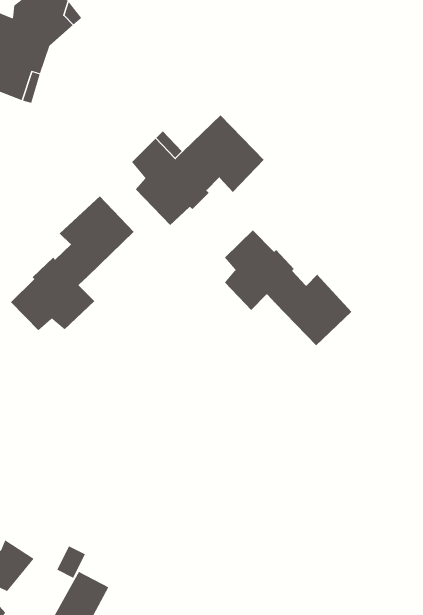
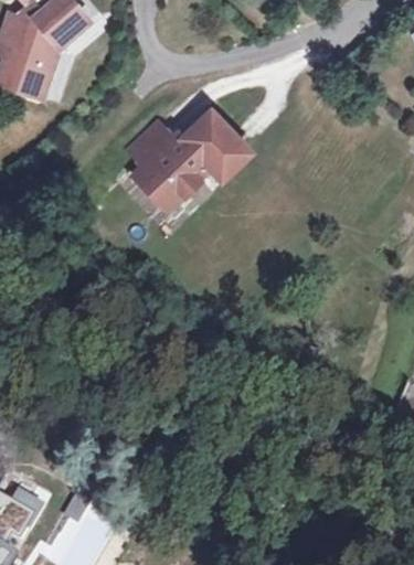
building: [10,196,135,331] -> none
building: [224,230,352,346] -> none

